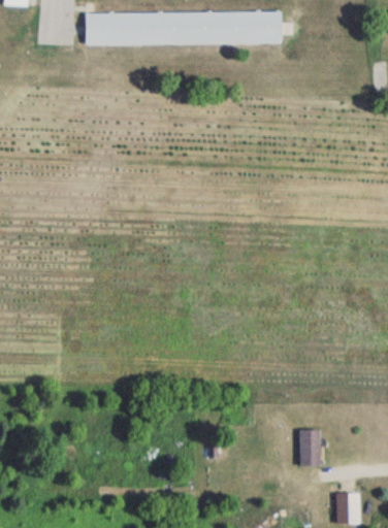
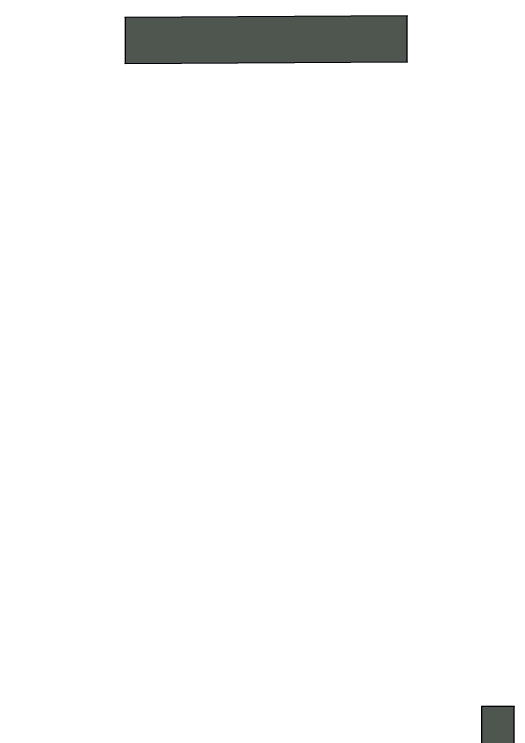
building: [298,427,319,464] -> none

